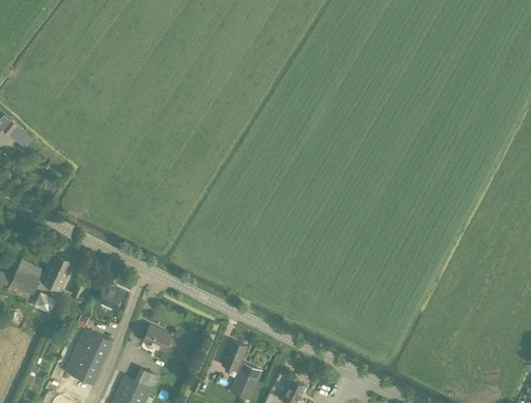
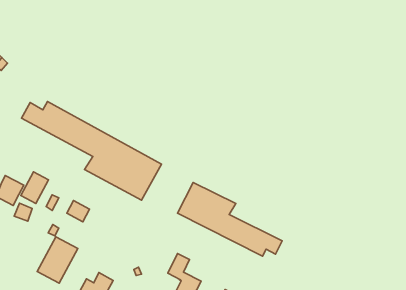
building: none -> [22,102,161,200]
building: none -> [178,182,282,256]
building: [143,324,173,363] -> none

